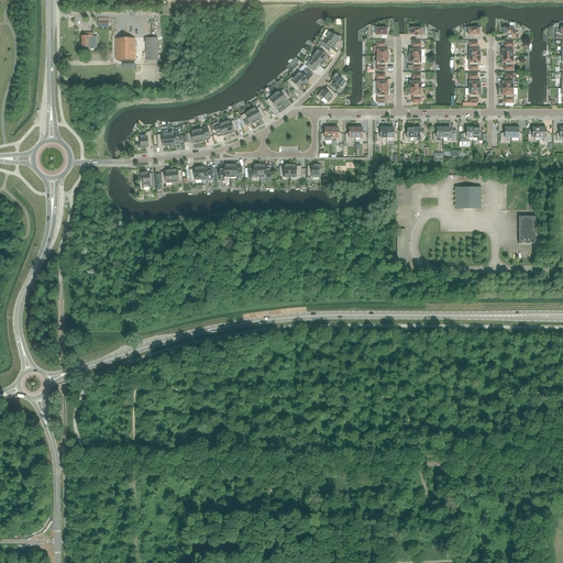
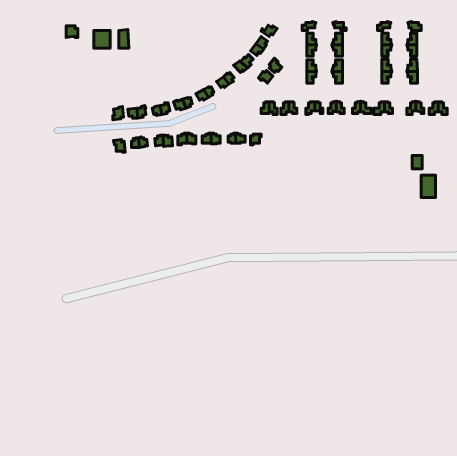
building: [455,186,482,208] -> none

